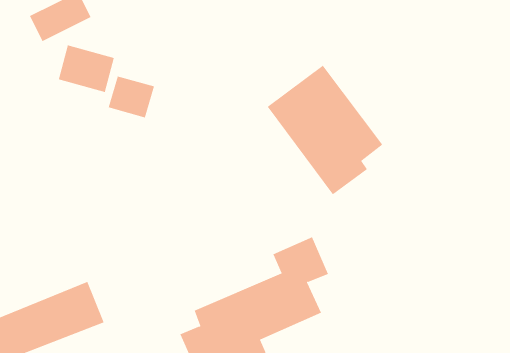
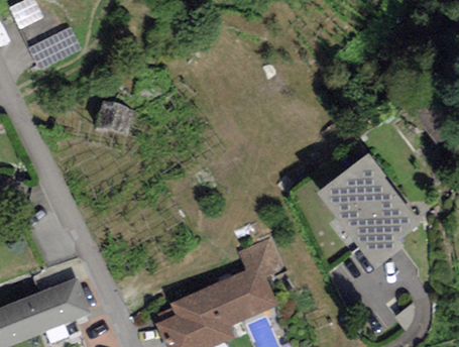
building: [58,44,114,93] -> none
building: [267,65,383,195] -> [318,154,418,266]

